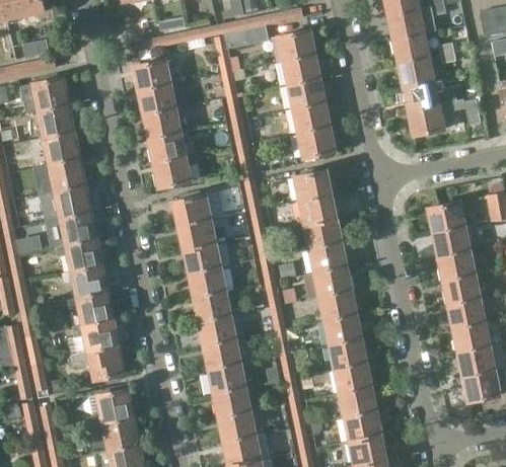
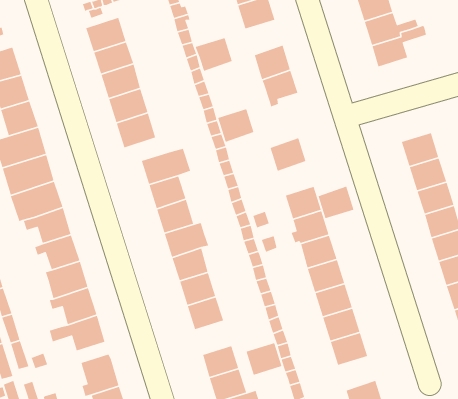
building: [289,79,324,110] -> [195,37,233,72]
building: [296,170,331,202] -> [217,108,254,143]
building: [306,219,341,249] -> [317,186,354,219]
building: [211,365,245,395] -> [245,342,283,376]
building: [346,413,381,444] -> none

